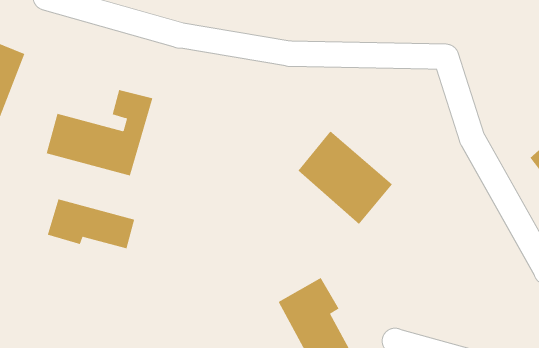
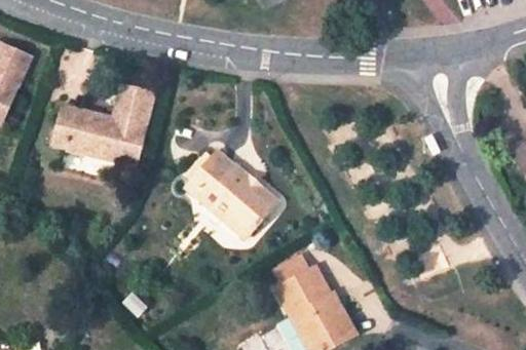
building: [298,130,393,225] -> [189,147,279,236]
building: [47,198,135,249] -> none

